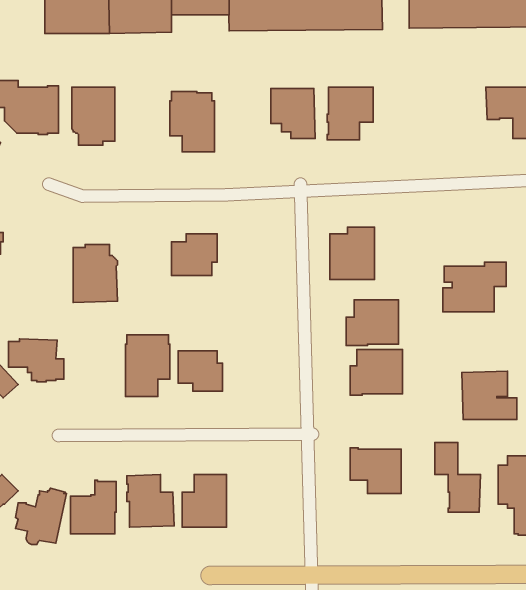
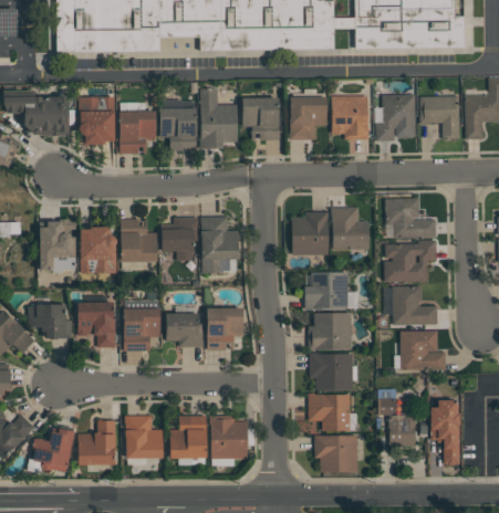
building: none -> [200,87,238,148]
building: none -> [376,94,416,140]
building: none -> [332,95,370,139]
building: none -> [119,111,156,153]
building: none -> [386,197,437,237]
building: none -> [332,207,370,249]
building: none -> [201,216,239,272]
building: none -> [40,219,76,273]
building: none -> [121,219,157,261]
building: none -> [393,285,438,324]
building: none -> [77,302,116,347]
building: none -> [207,307,245,349]
building: none -> [310,353,358,389]
building: none -> [210,415,248,458]
building: none -> [315,435,358,470]

